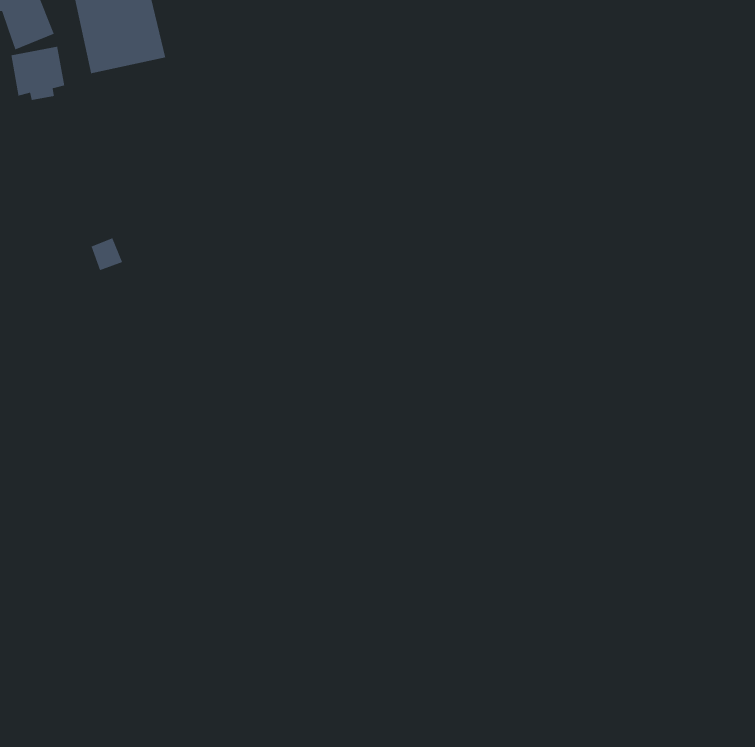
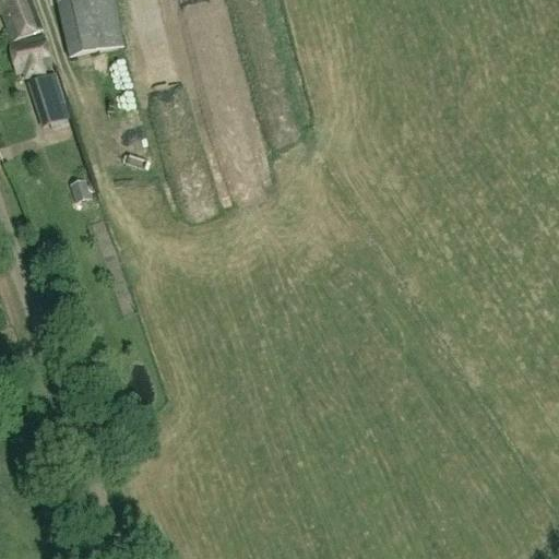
building: none -> [44,82,71,127]

